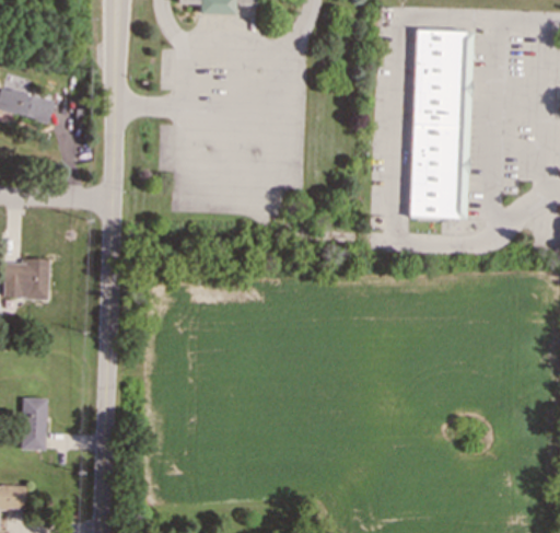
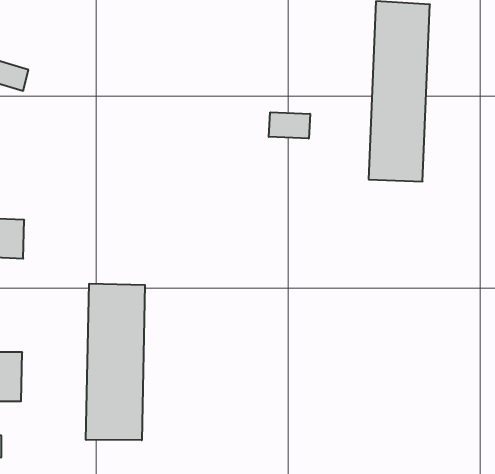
building: none -> [269,112,310,139]
building: none -> [86,284,145,440]

